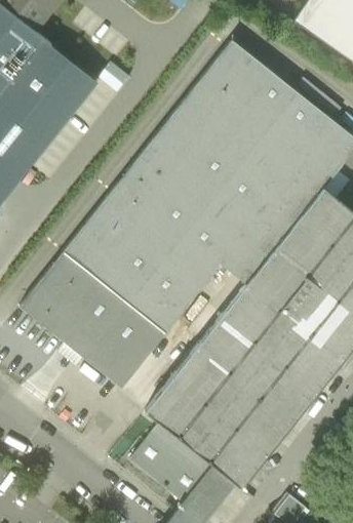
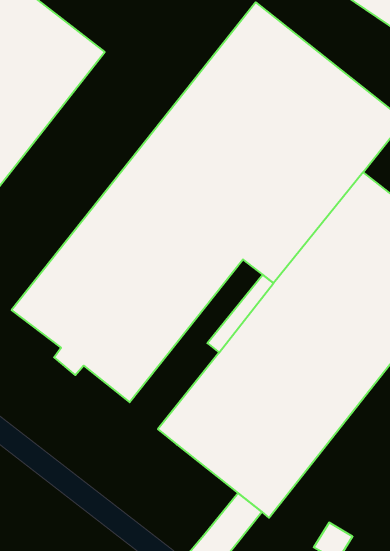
building: [131,425,214,504] -> none

